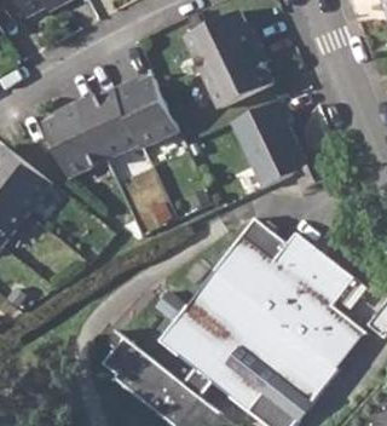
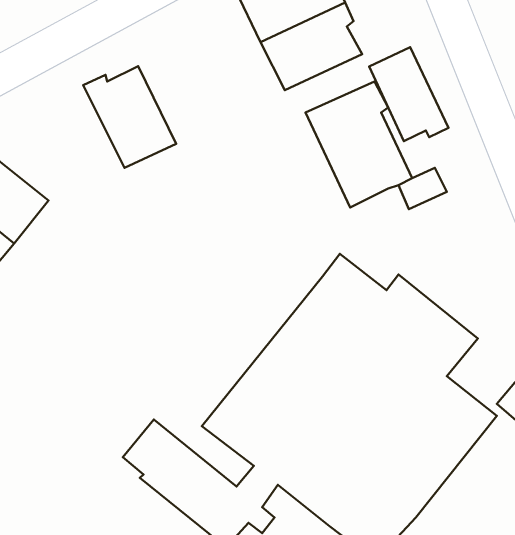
building: none -> [369,47,449,141]
building: [115,76,179,146] -> none
building: [42,102,105,177] -> none

